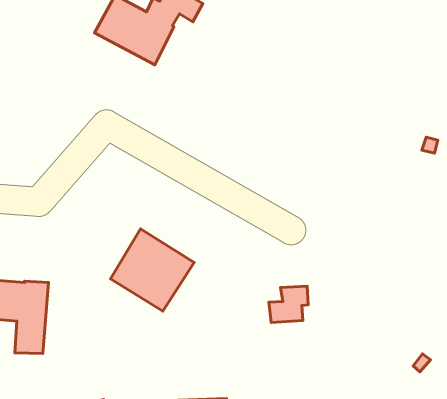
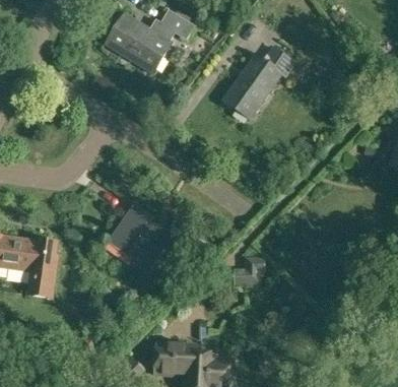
building: none -> [223,46,295,118]

